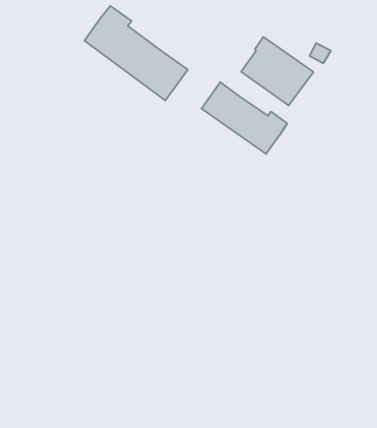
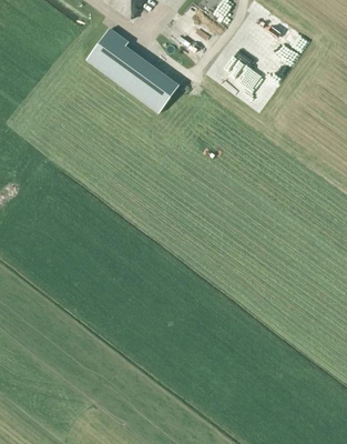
building: [201,82,287,154] -> none

